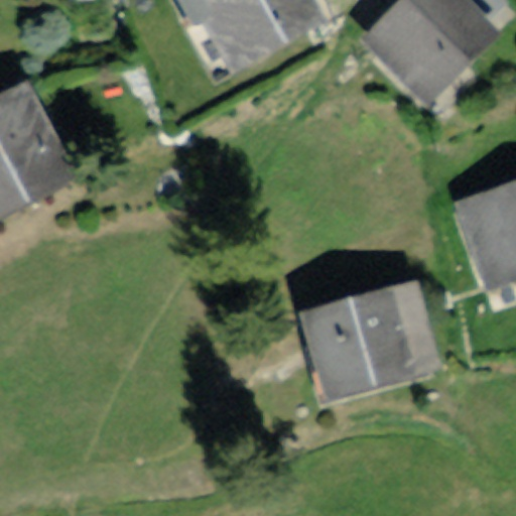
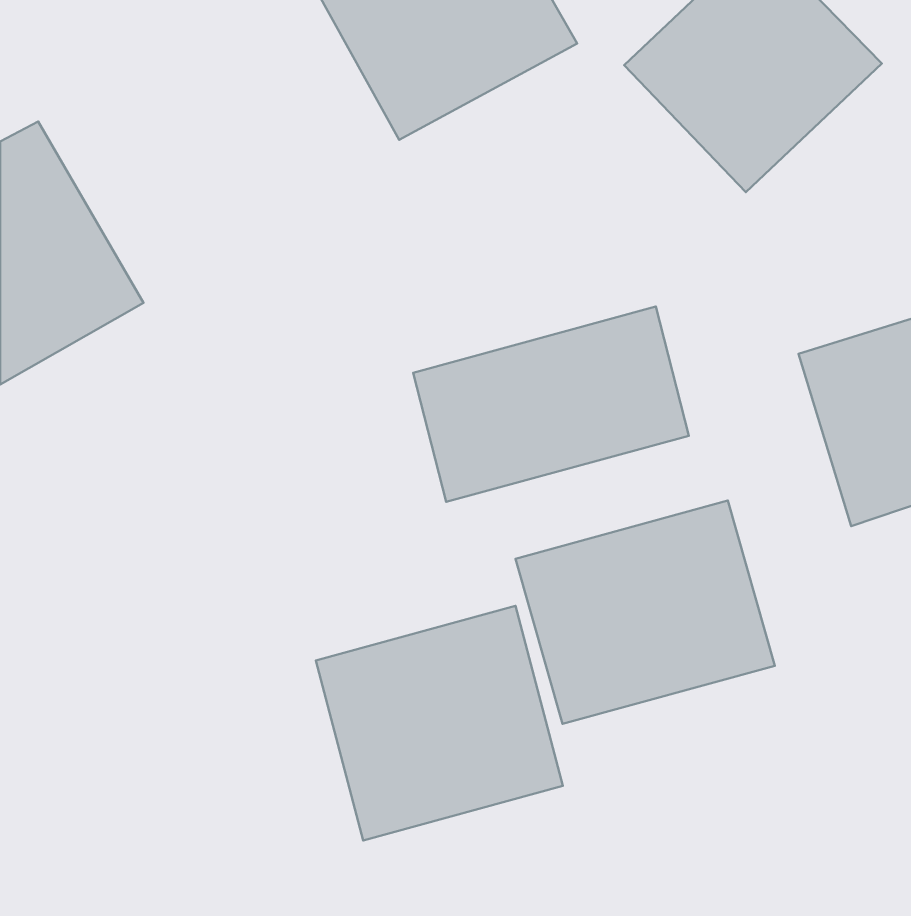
building: none -> [413,307,689,502]
building: none -> [316,606,563,840]

